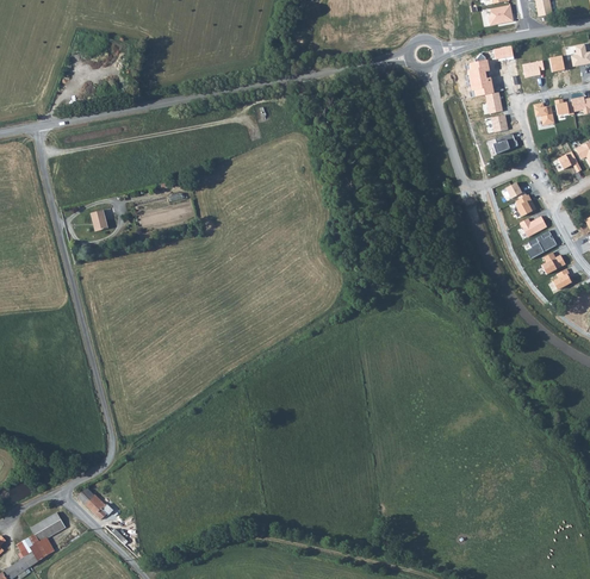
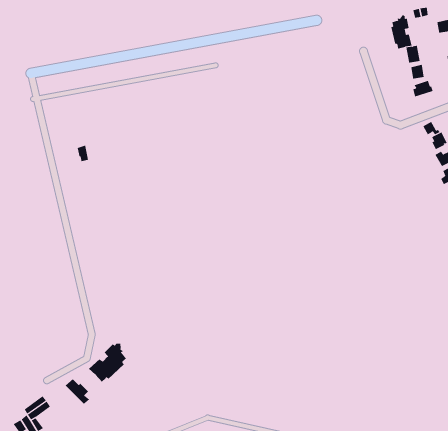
building: none -> [88,343,127,382]

